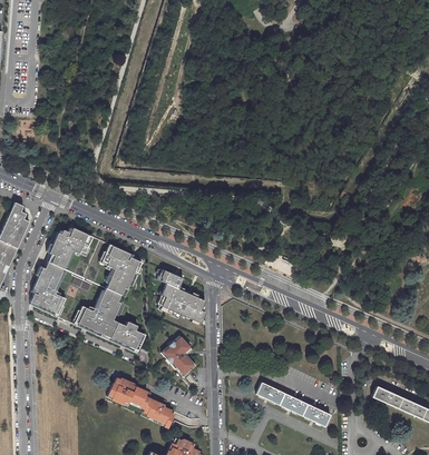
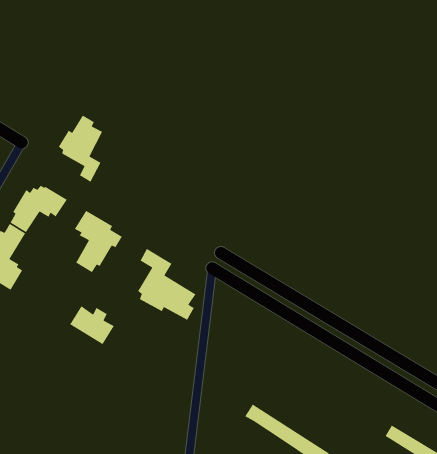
building: none -> [58,115,103,183]
building: [75,286,121,336] -> none
building: [159,336,195,376] -> none
building: [106,376,177,426] -> none

